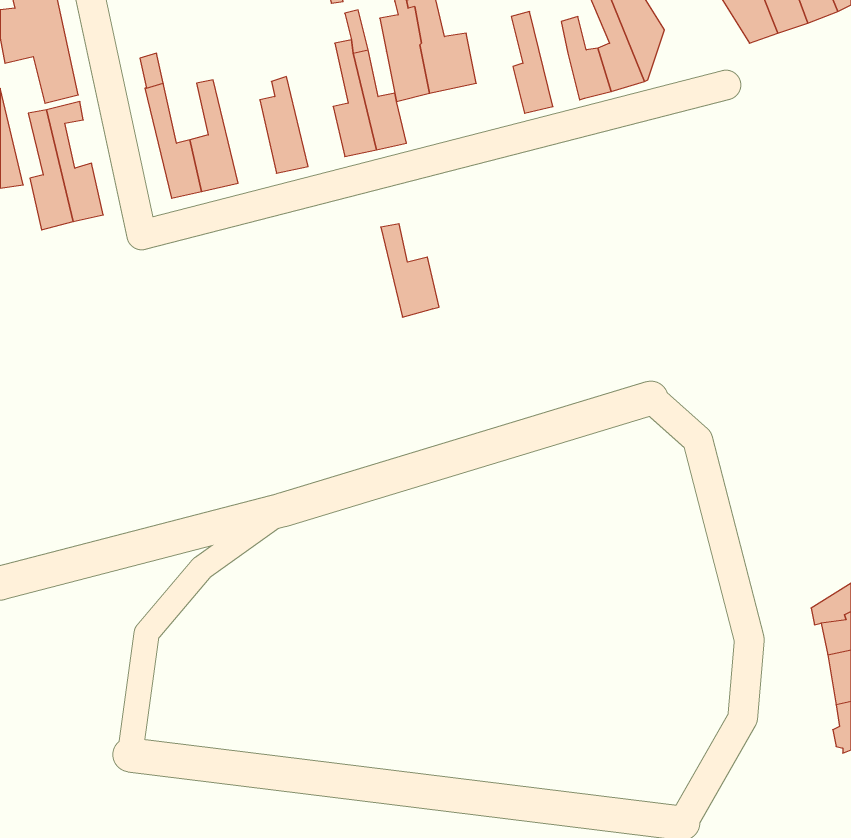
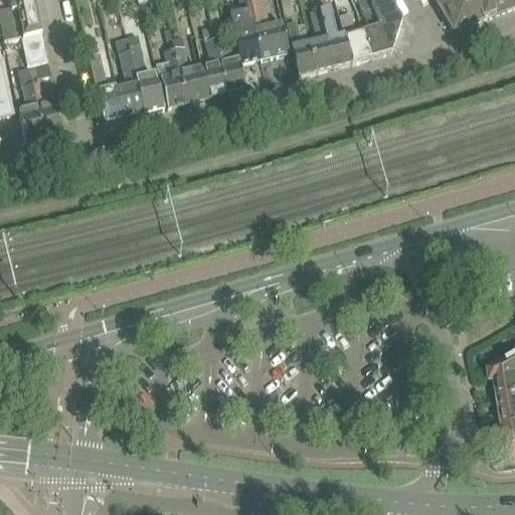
building: none -> [320,5,350,64]
building: none -> [286,18,317,73]
building: none -> [126,32,164,111]
building: [381,224,439,317] -> [173,44,208,101]

